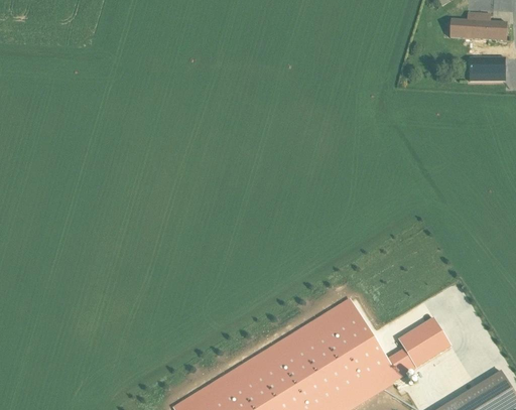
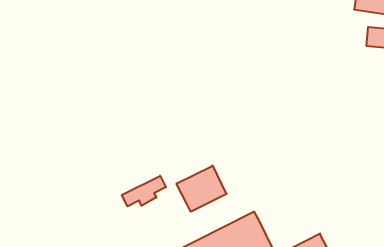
building: none -> [177,165,227,212]
building: none -> [122,176,166,206]

